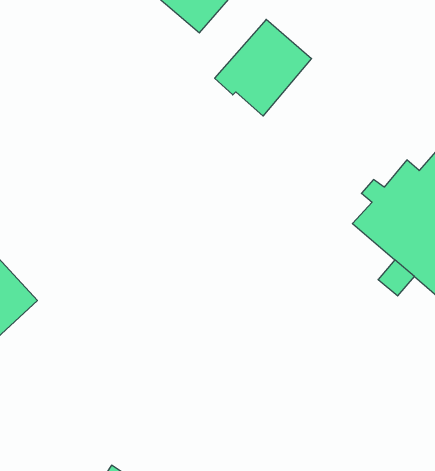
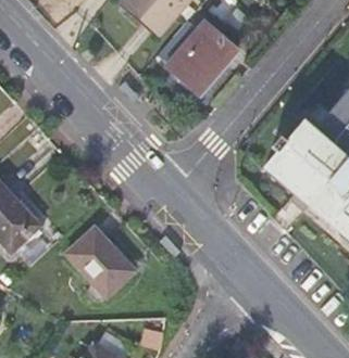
building: none -> [65,226,134,294]

